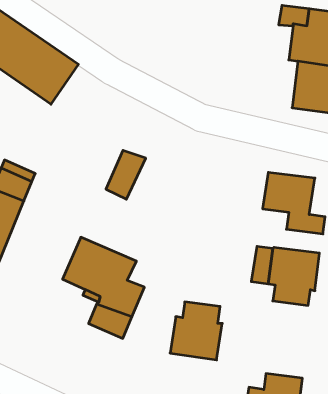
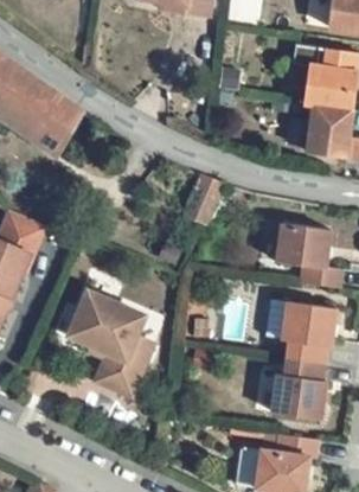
building: [106,150,146,199] -> [182,174,224,225]
building: [170,302,222,360] -> [271,358,326,418]

